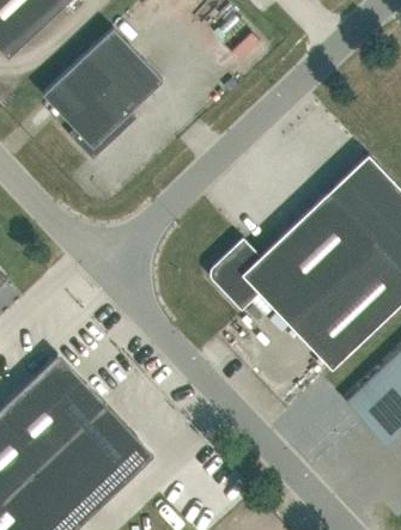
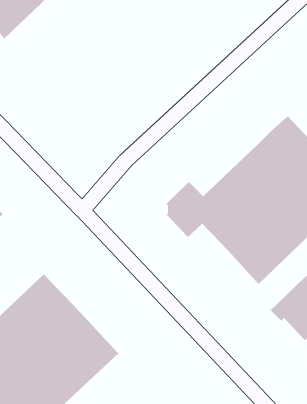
building: [43,30,163,158] -> none

